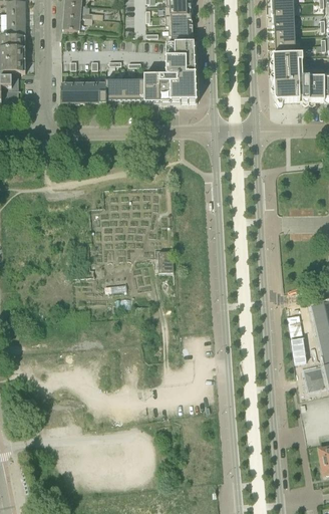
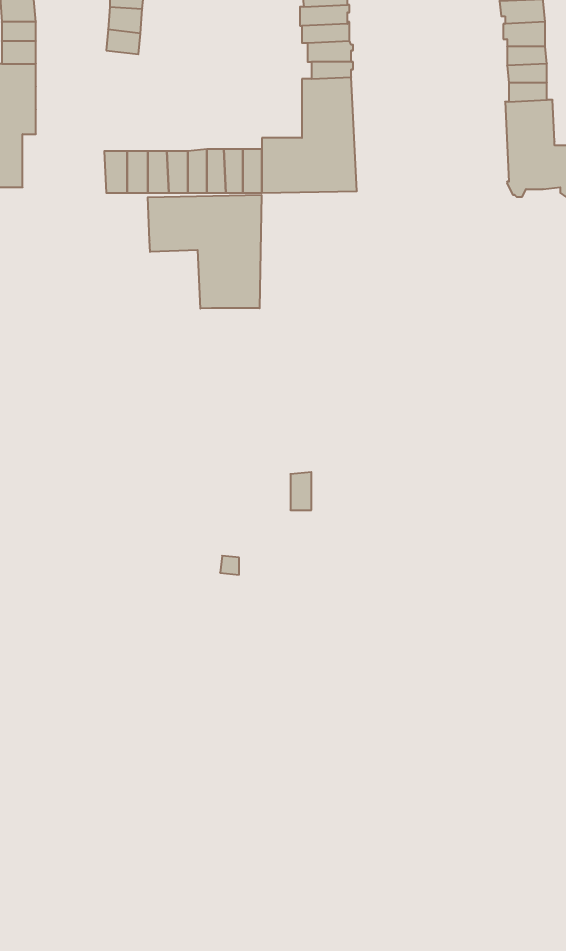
building: none -> [148,195,261,309]

